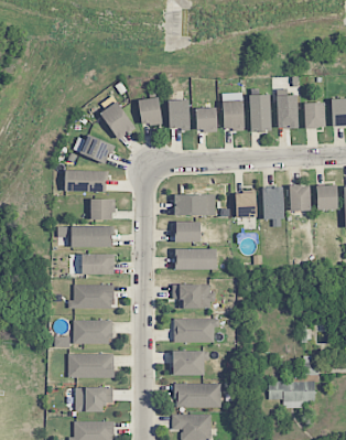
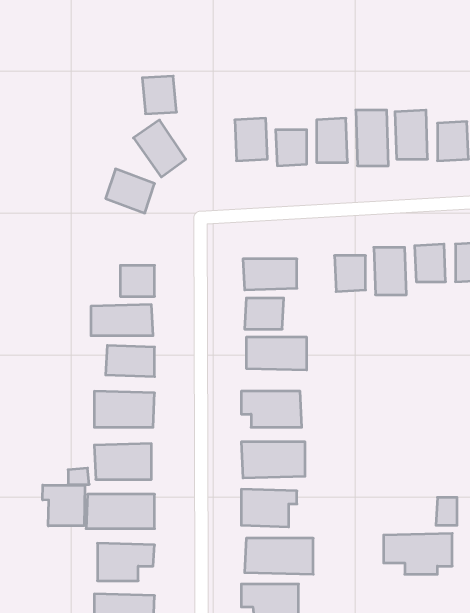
building: [138,97,161,122] -> [142,76,177,114]
building: [64,169,106,192] -> none
building: none -> [43,485,85,526]

